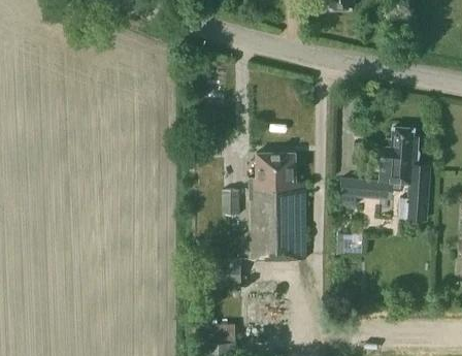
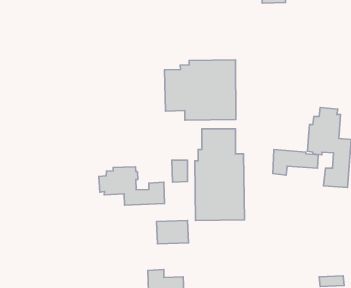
building: none -> [165,60,236,120]
building: none -> [99,167,165,205]

